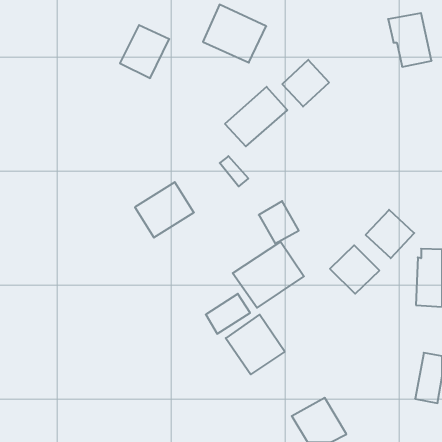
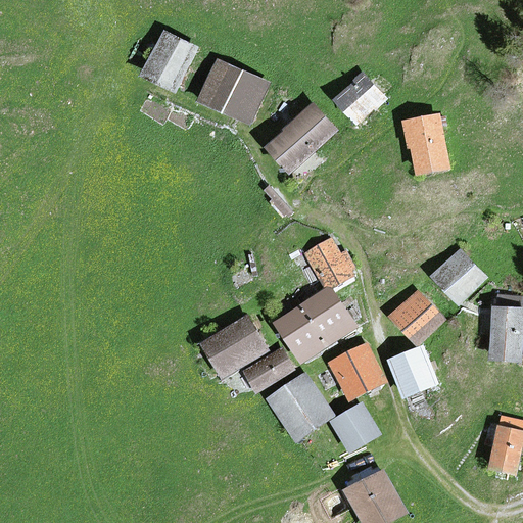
building: [203,5,266,63] -> [197,58,272,127]
building: [388,13,432,67] -> [400,112,451,176]
building: [135,182,194,238] -> [200,314,270,379]
building: none -> [327,341,387,401]
building: none -> [388,344,439,398]
building: none -> [330,400,383,454]

